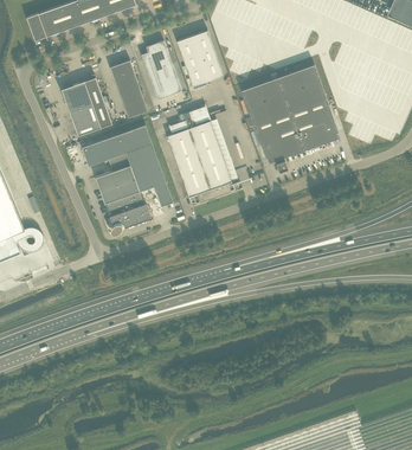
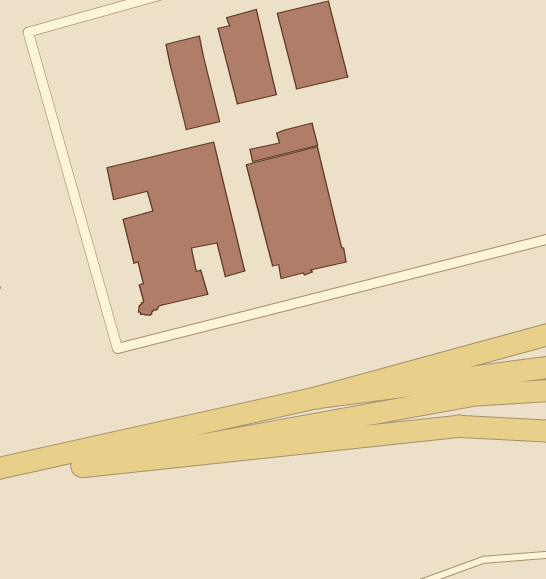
building: [242,65,339,173] -> none
building: [63,78,111,137] -> none

